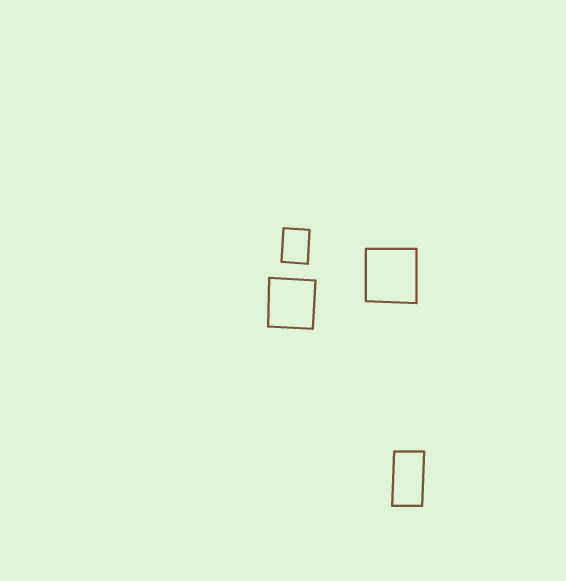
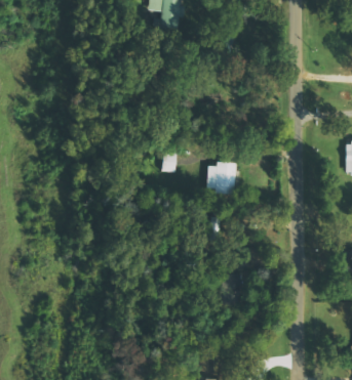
building: [268,278,316,329] -> none

